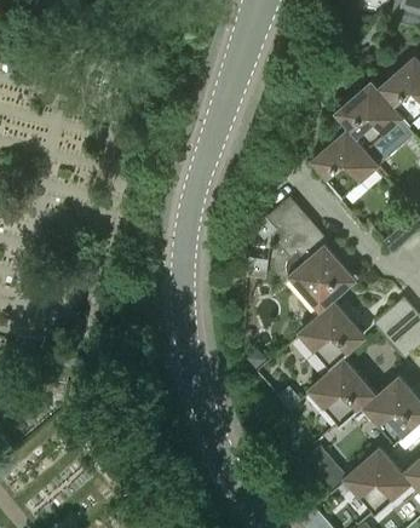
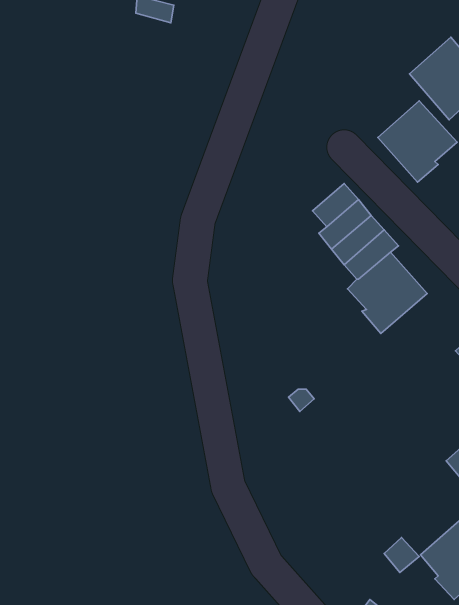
building: [303,303,363,366] -> none
building: [312,361,373,423] -> none

